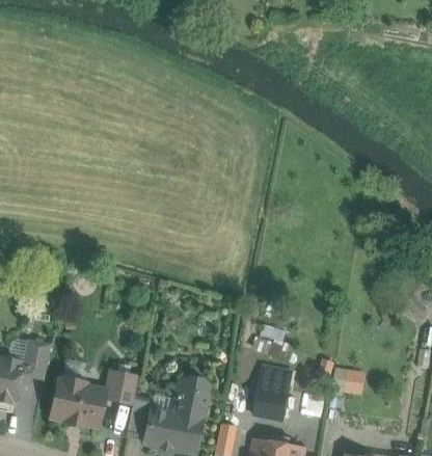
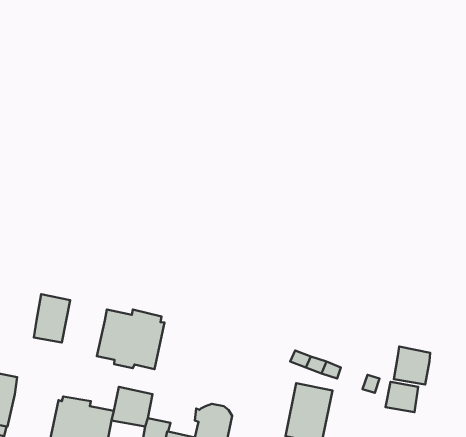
building: none -> [97,309,165,369]
building: none -> [394,346,430,385]
building: [20,339,51,380] -> [34,294,70,342]

